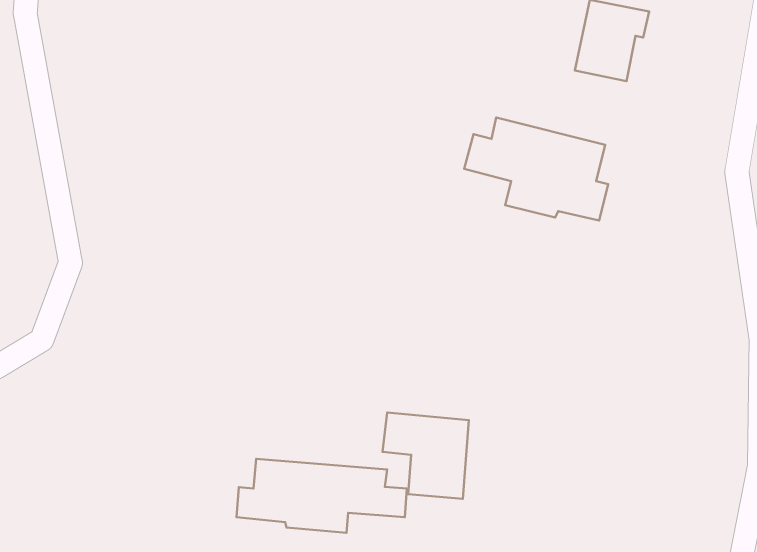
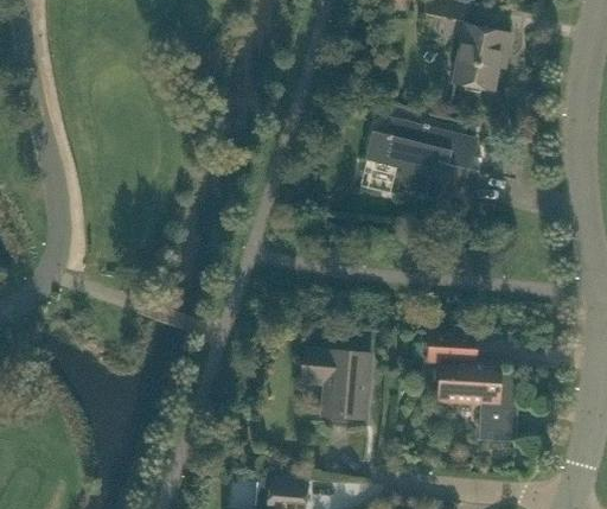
building: none -> [428,332,519,440]
building: [236,459,407,533] -> none

